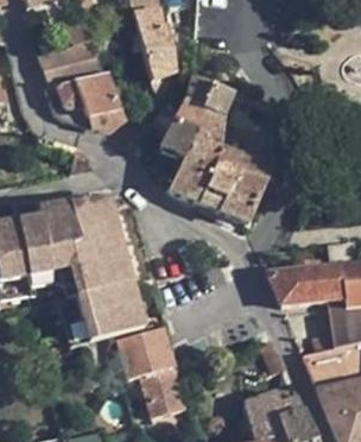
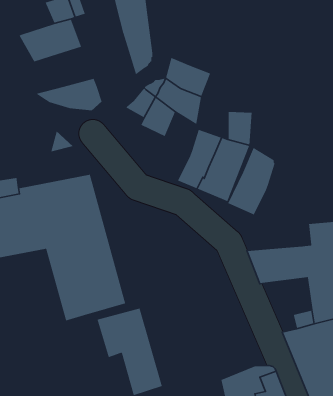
building: [45,68,114,114] -> none
building: [170,133,218,202] -> [227,147,276,215]

